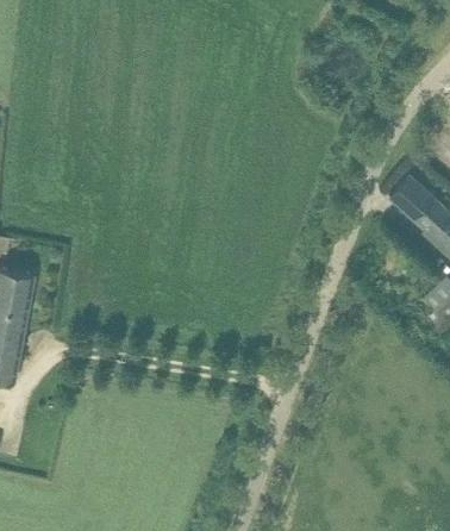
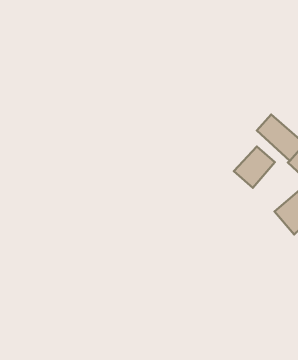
building: none -> [234,146,275,188]

